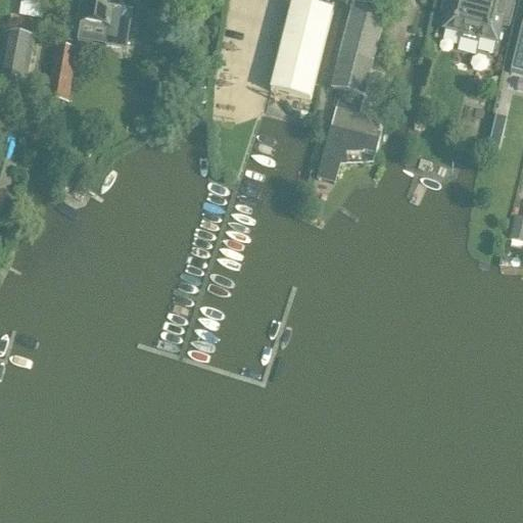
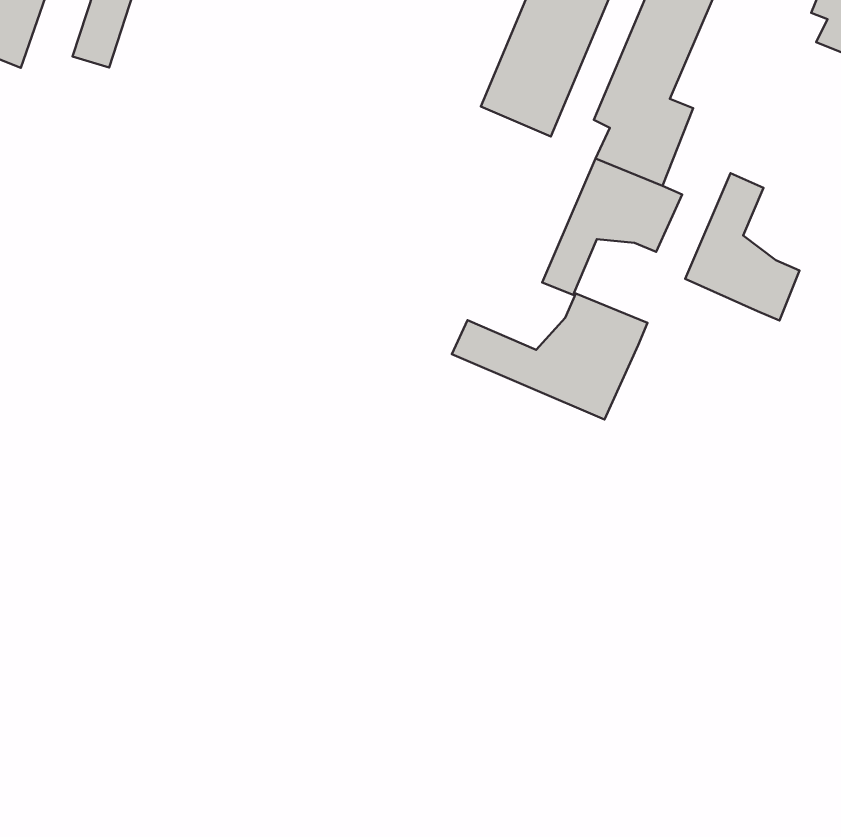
building: none -> [685,173,799,320]
building: none -> [452,293,647,420]

